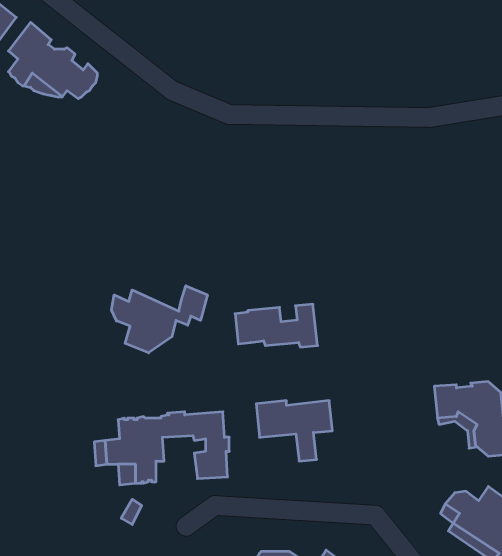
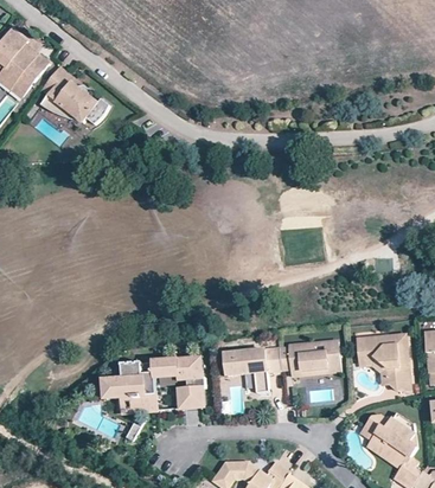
building: [112,286,207,353] -> none
building: [235,304,318,347] -> [277,341,339,373]

